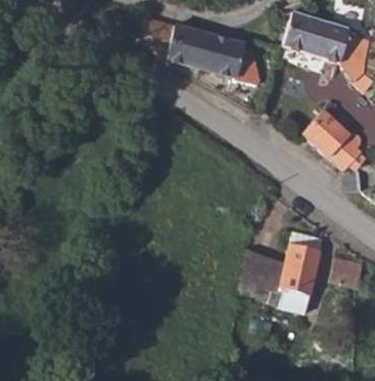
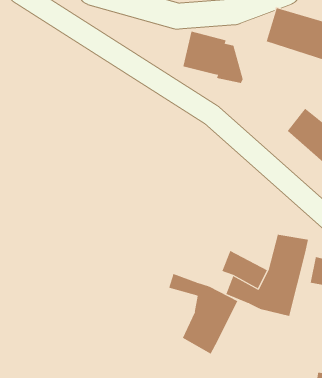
building: [140,17,210,70] -> none
building: none -> [169,273,238,355]

